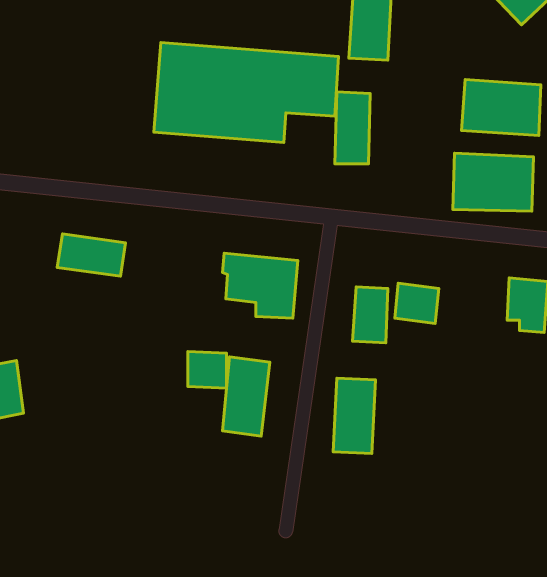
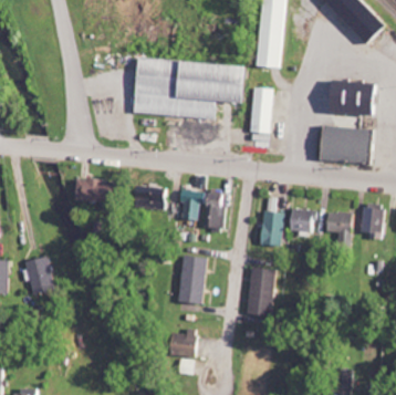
building: none -> [329,212,353,240]
building: [188,351,226,388] -> [143,187,167,210]
building: none -> [179,329,198,357]

